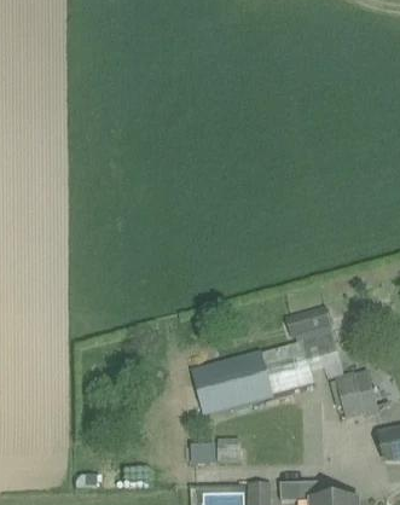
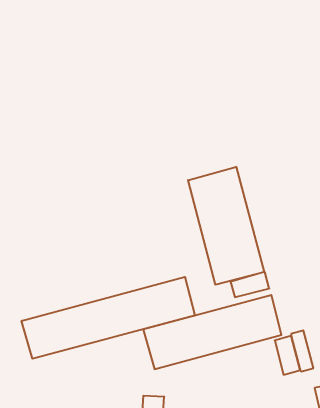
building: none -> [188,167,264,285]
building: none -> [22,277,195,359]

